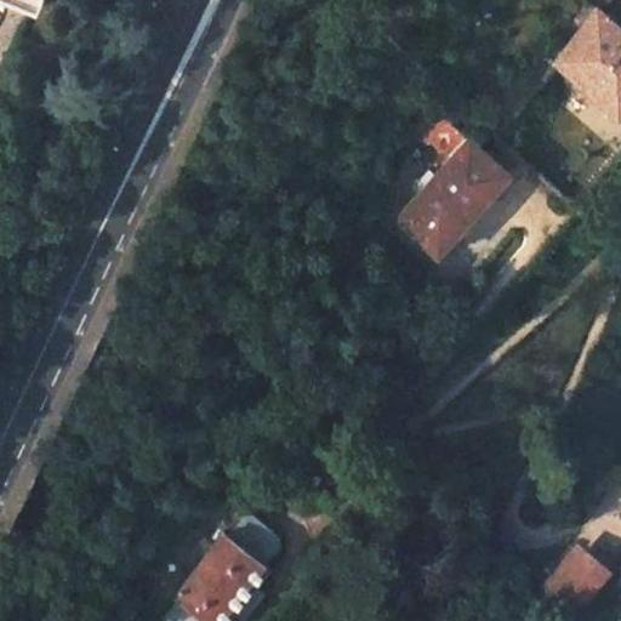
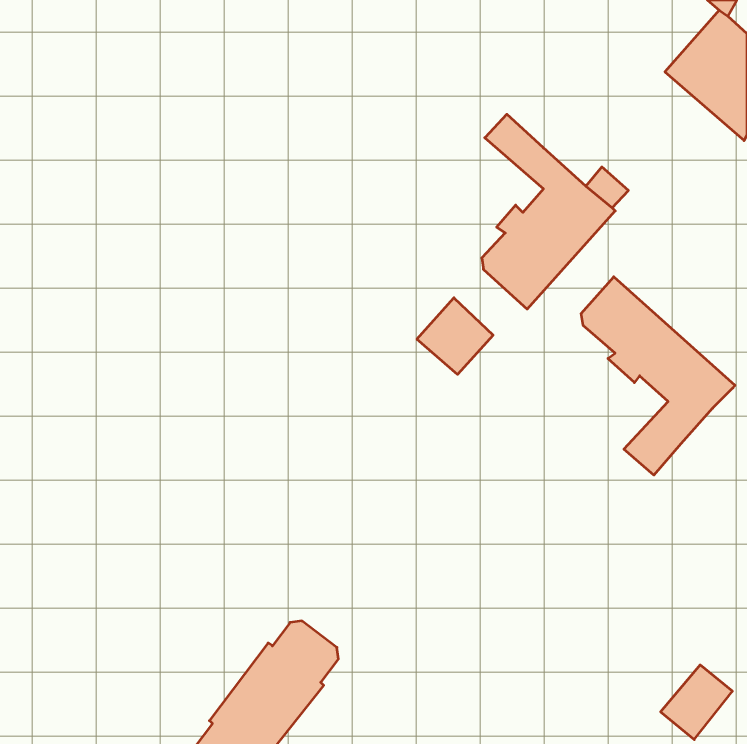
building: none -> [581,277,735,475]
building: none -> [417,298,493,374]

